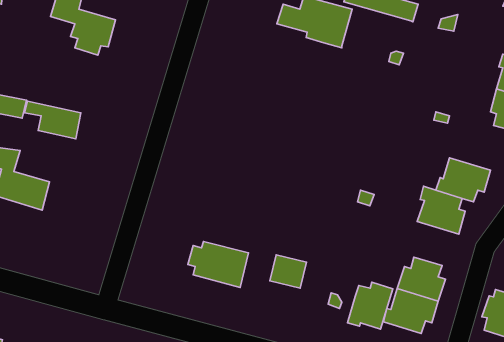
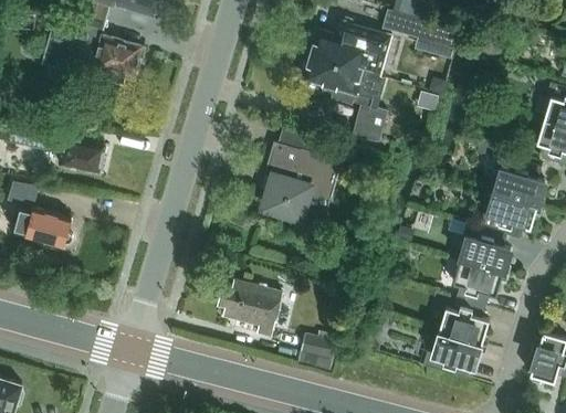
building: none -> [303,52,389,142]
building: none -> [263,142,340,220]
building: none -> [493,156,544,206]
building: none -> [452,261,503,307]
building: [270,255,306,288] -> [297,336,336,371]
building: [347,282,393,329] -> none

